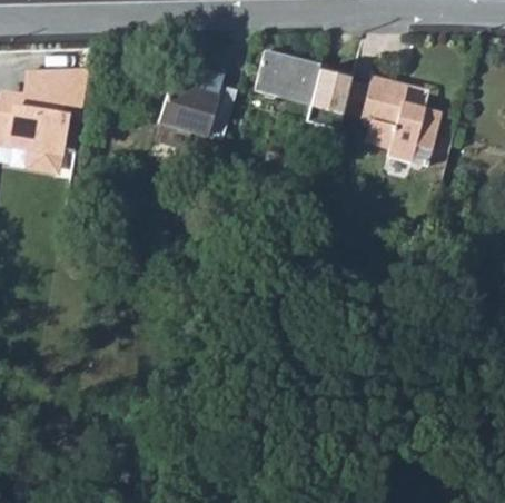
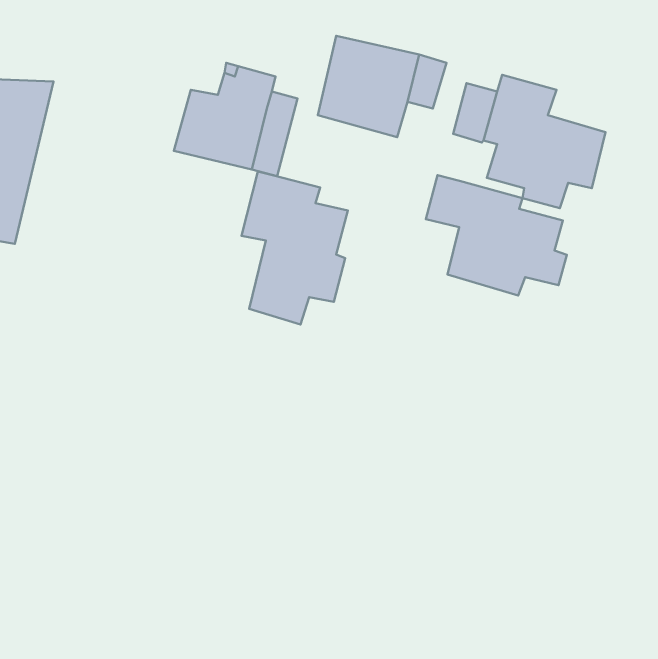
building: none -> [241,172,348,324]
building: none -> [426,175,567,295]

